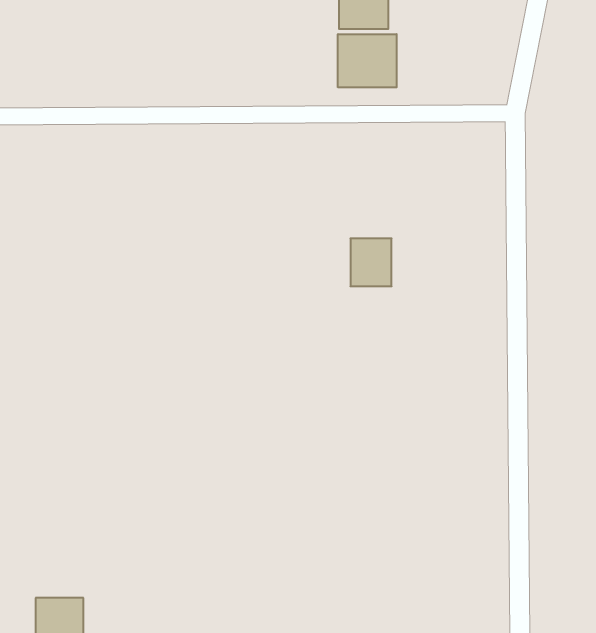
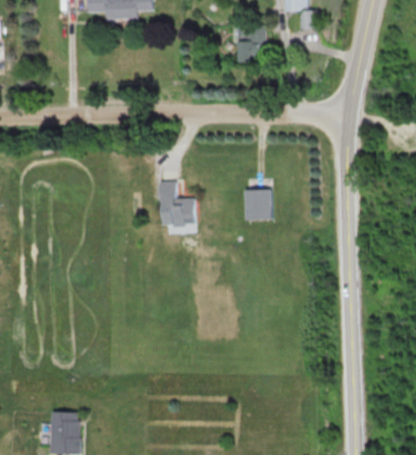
building: [338,34,397,87] -> none
building: none -> [161,181,194,225]

